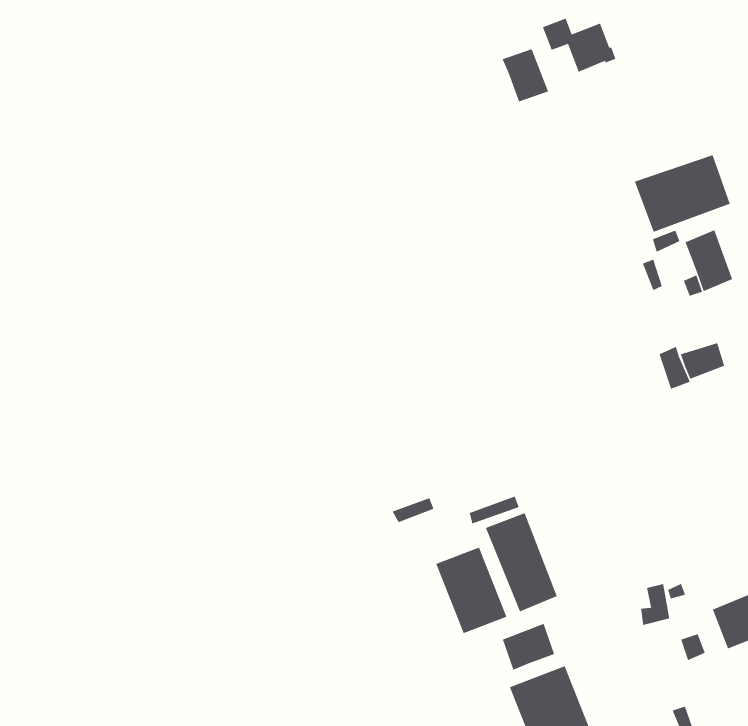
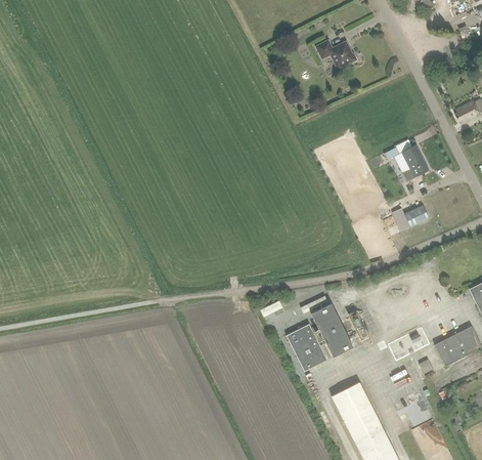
building: [502,48,549,103] -> none
building: [634,154,731,233] -> none
building: [502,623,555,671] -> none

